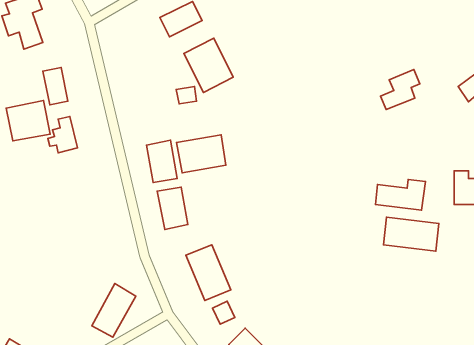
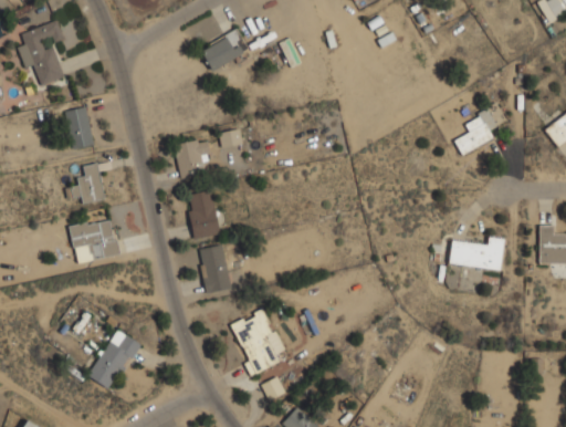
building: [184,38,233,92] -> none
building: none -> [174,137,211,178]
building: [6,101,50,141] -> [69,217,119,263]
building: [177,135,226,173] -> none
building: [384,217,439,251] -> none
building: [92,284,136,337] -> [88,329,139,390]

